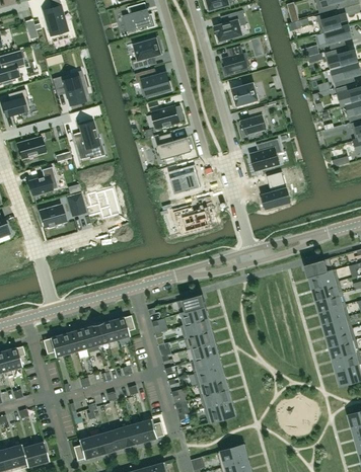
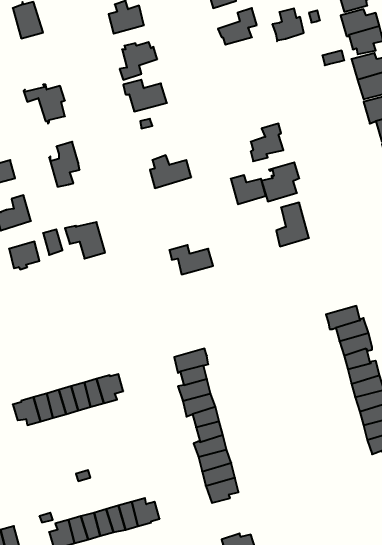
building: [223,46,249,73] -> [272,8,304,41]
building: [232,83,259,106] -> none
building: [151,105,180,129] -> none
building: [169,169,199,193] -> [231,175,266,204]

